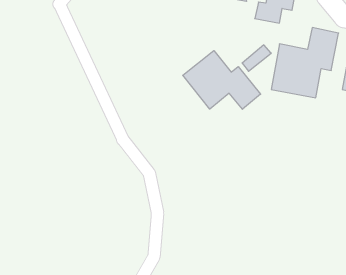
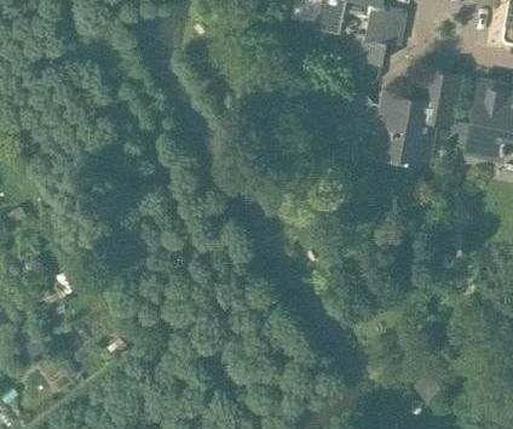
building: [183,51,261,109] -> none

